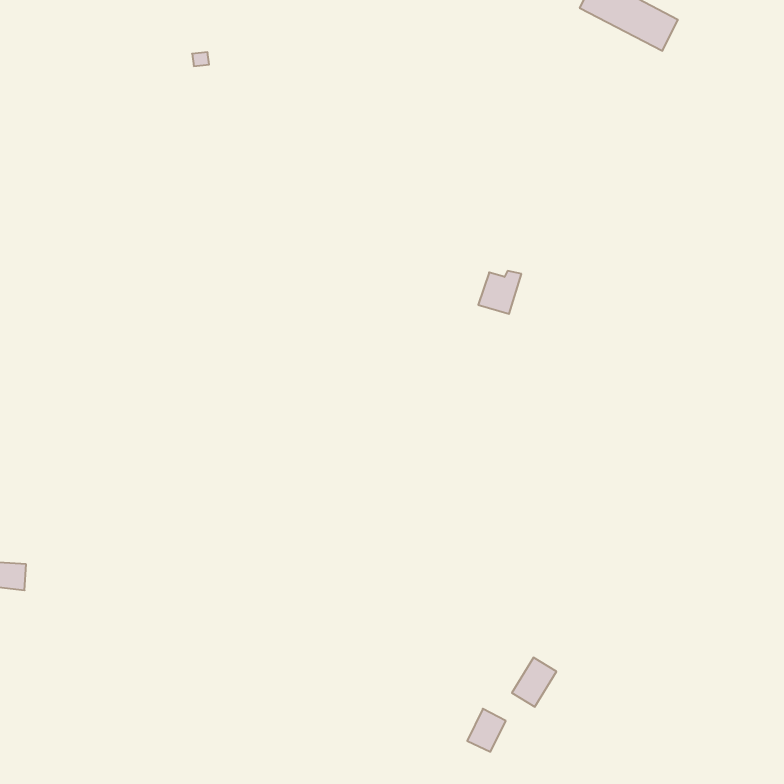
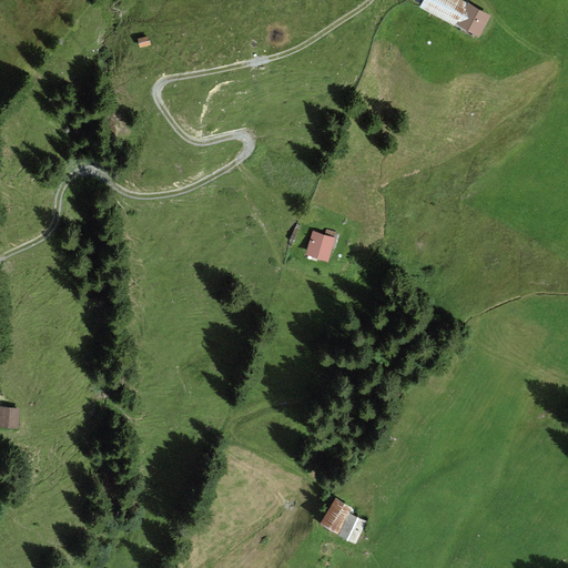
building: [478,271,521,314] -> [304,229,335,260]
building: [512,658,556,707] -> [318,497,351,532]

